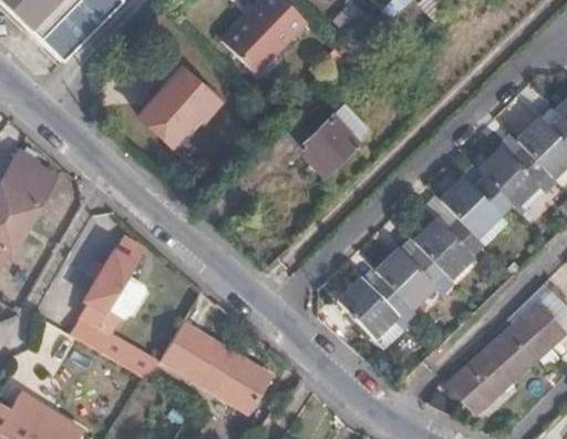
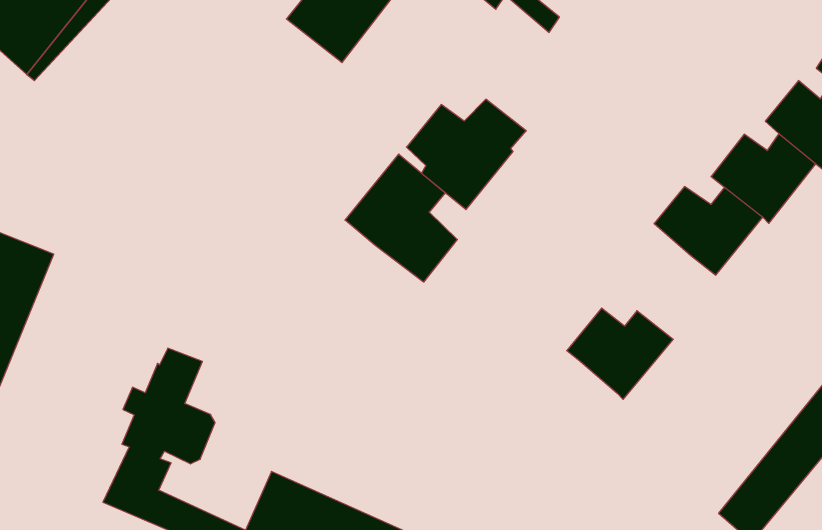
building: [141,69,218,143] -> none
building: none -> [345,154,457,282]
building: [416,217,487,278] -> none
building: [337,276,405,335] -> none

